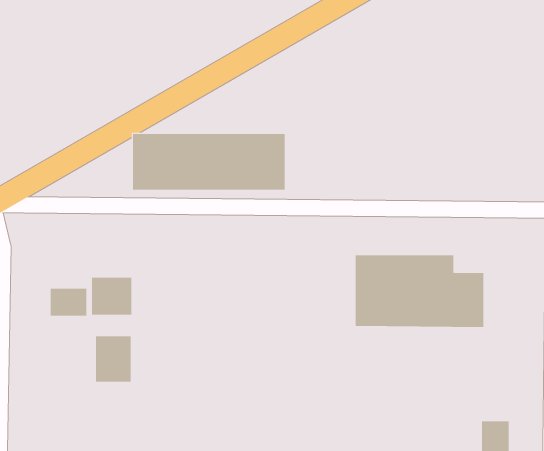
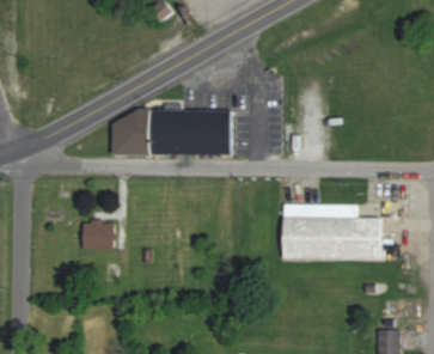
building: [50,288,87,316] -> none
building: [95,336,131,383] -> none

